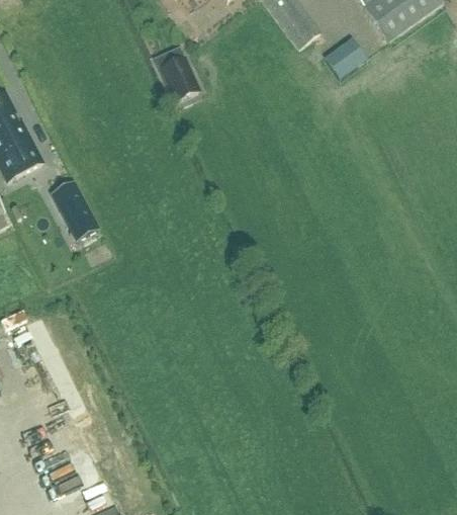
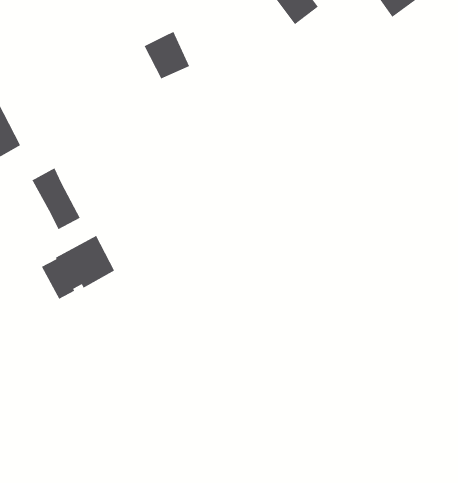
building: [325,37,366,75] -> none
building: none -> [41,235,115,300]

